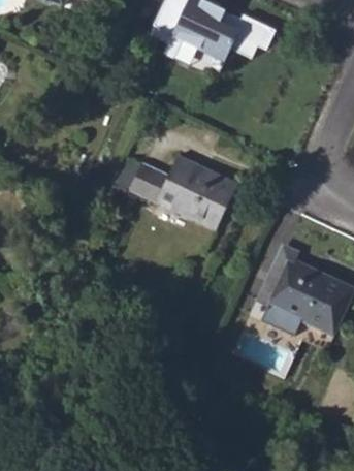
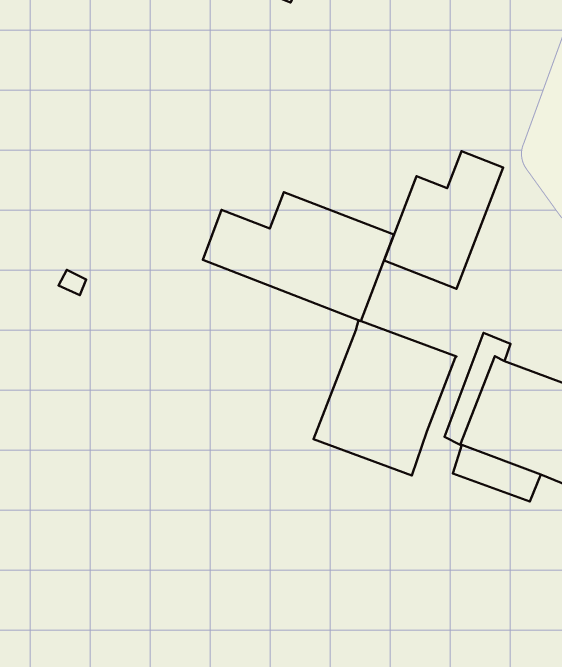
building: none -> [384,151,503,289]
building: none -> [313,320,457,476]

